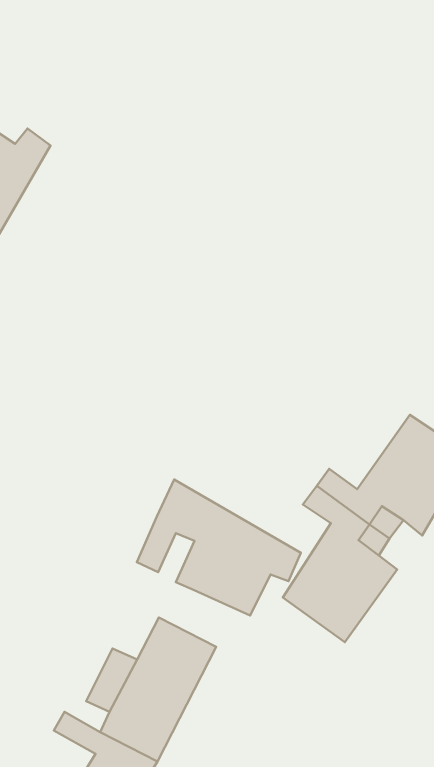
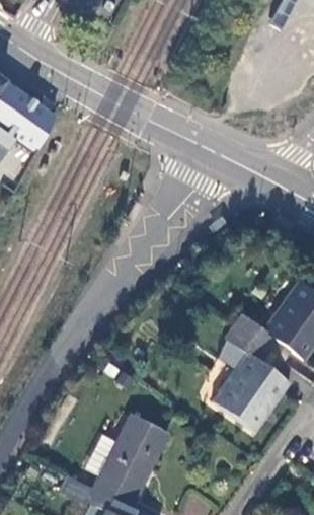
building: [137,480,301,615] -> none

